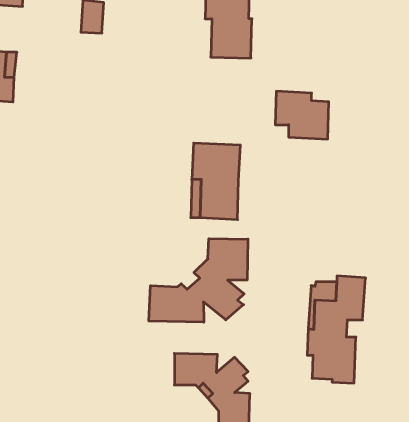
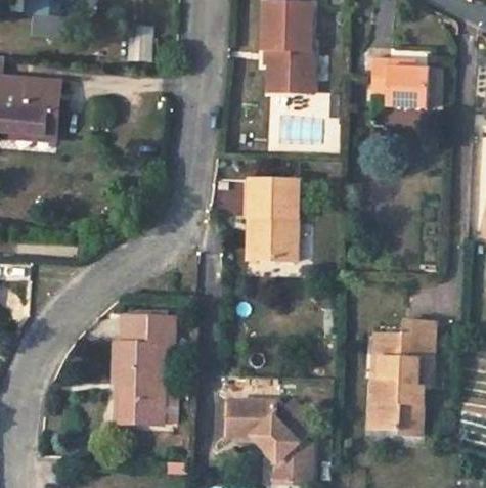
building: [275,91,329,139] -> [370,57,428,108]
building: [149,239,248,322] -> none
building: none -> [112,317,175,424]

